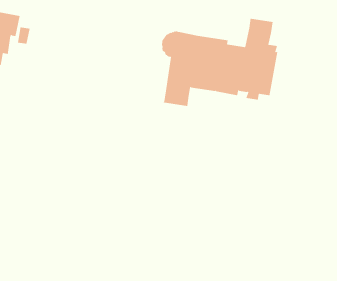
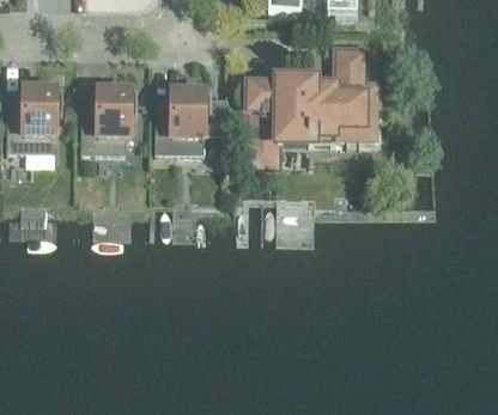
building: none -> [79,86,136,151]
building: none -> [154,87,225,152]

